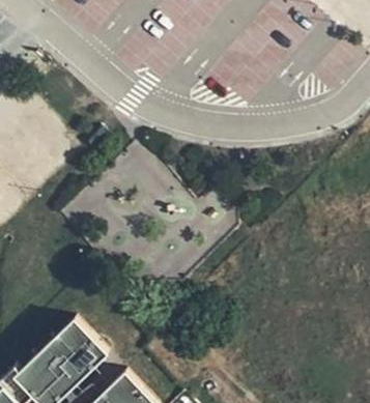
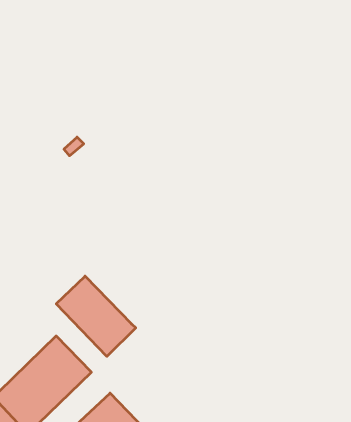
building: none -> [56,276,136,356]

